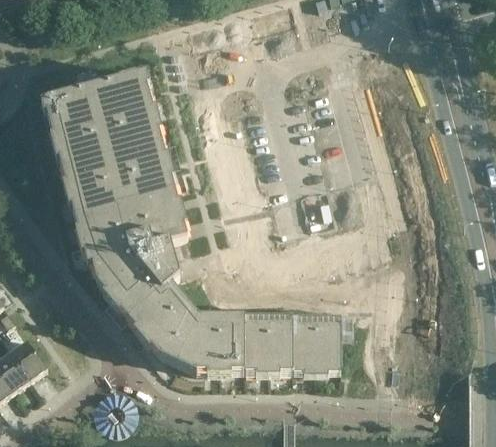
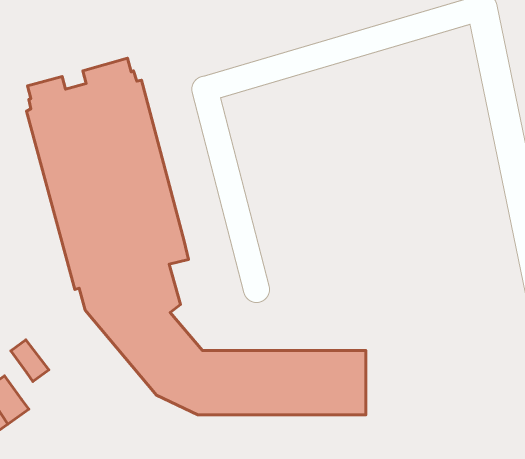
building: none -> [11,340,49,381]

